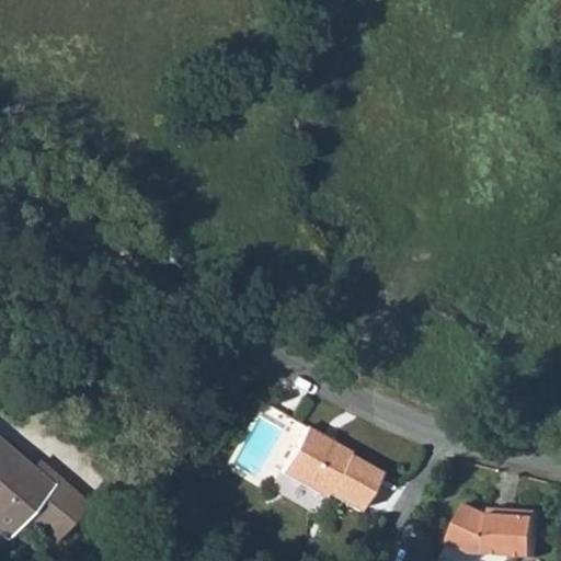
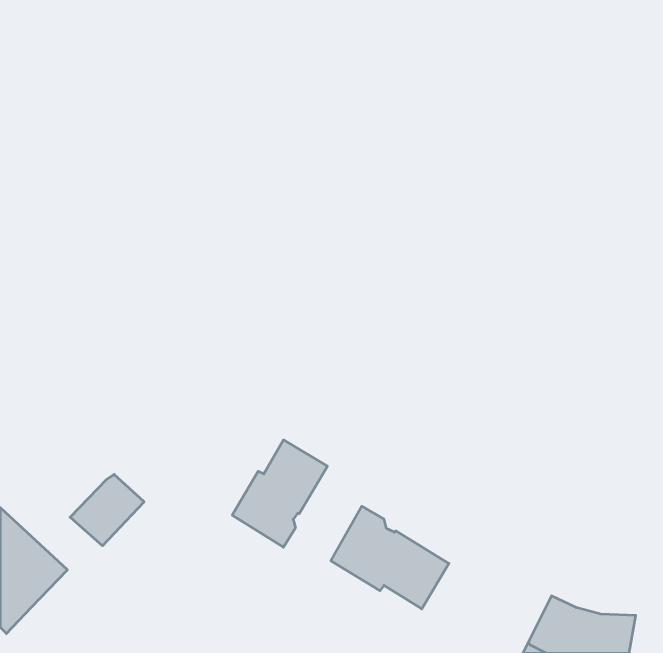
building: none -> [232,440,327,547]
building: [26,477,89,537] -> [70,474,144,546]

